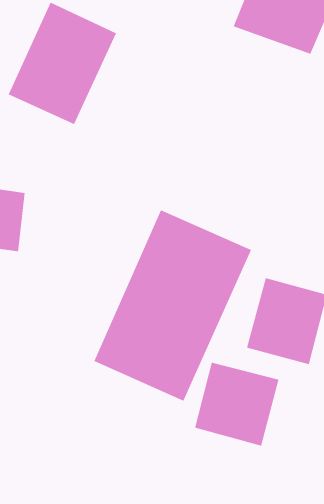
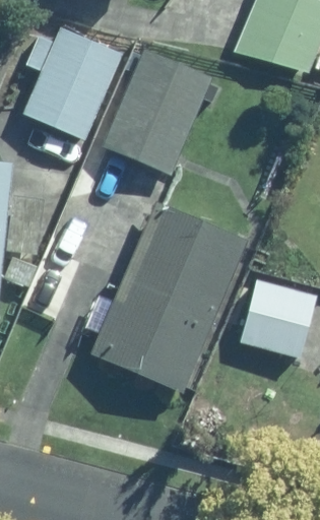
building: none -> [101,55,211,177]
building: [194,362,279,447] -> none

